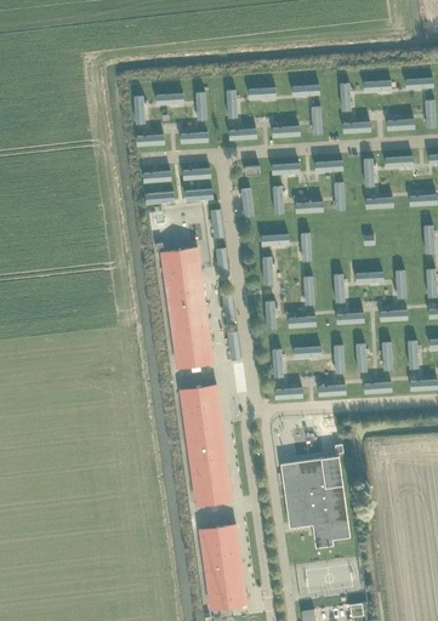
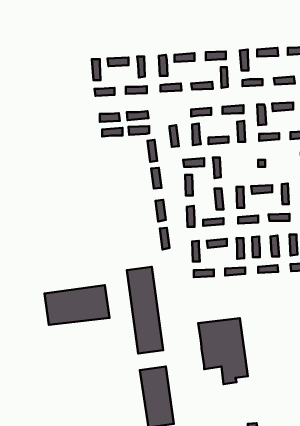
building: [161,246,212,366] -> none
building: none -> [45,285,109,325]

